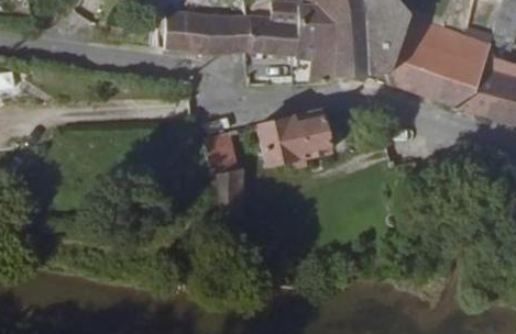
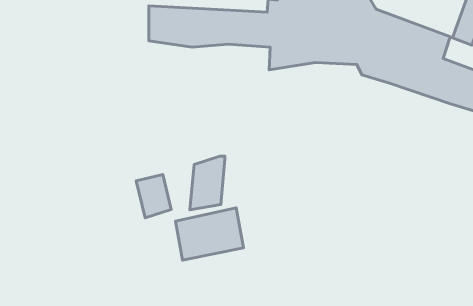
building: [257,113,330,169] -> [175,208,243,260]
building: [204,133,241,179] -> [136,175,171,218]

